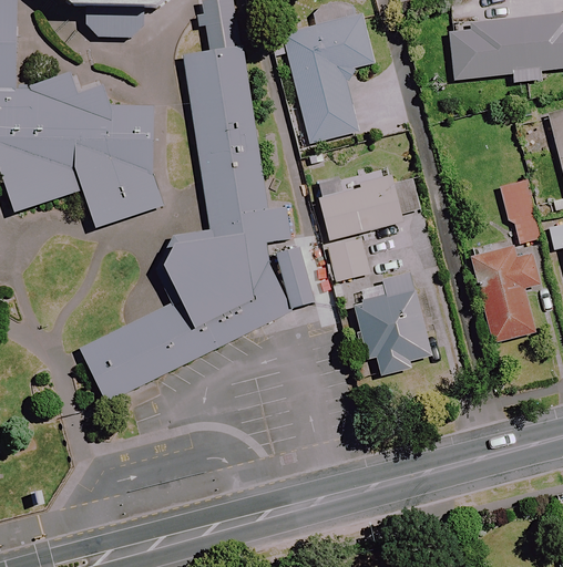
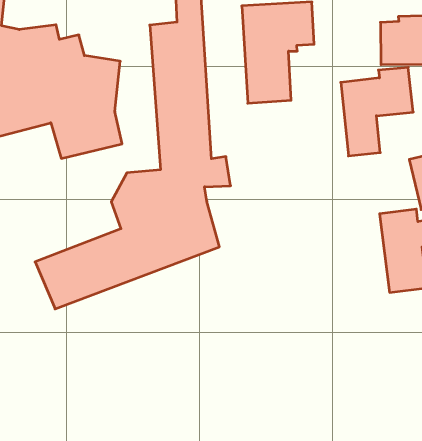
building: [316,171,403,280] -> [341,67,413,156]
building: [272,244,317,309] -> none
building: [355,274,430,374] -> none

